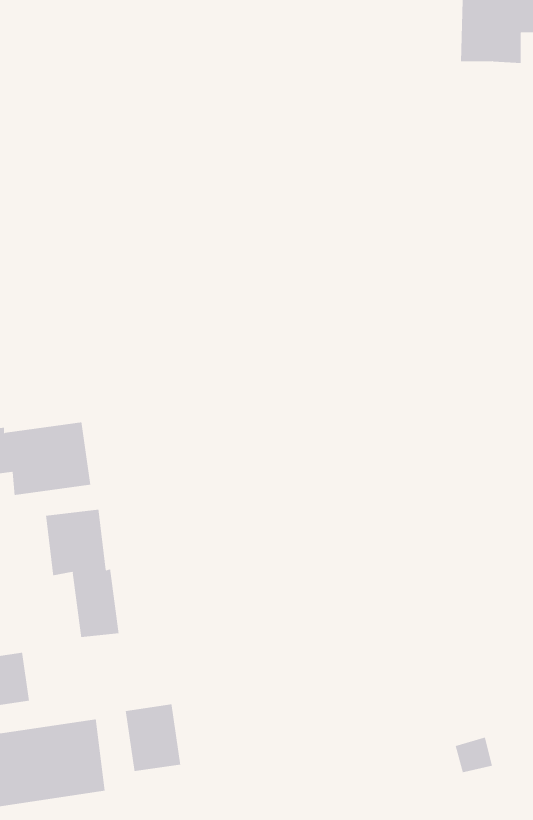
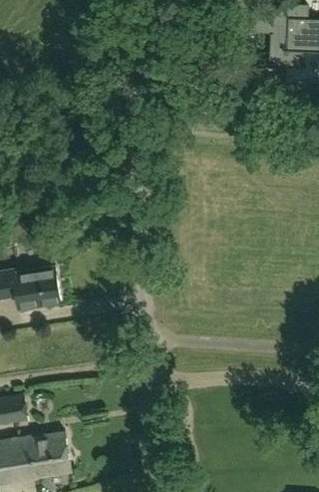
building: [45,509,119,638] -> none
building: [125,704,181,772] -> none

